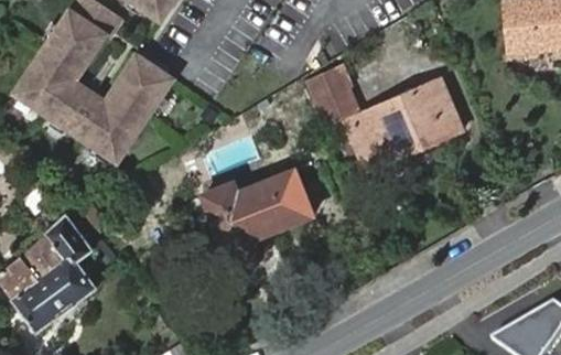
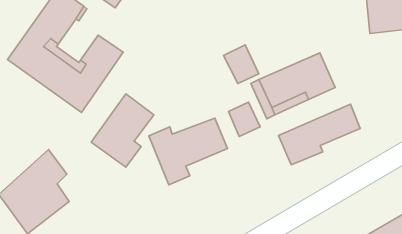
building: none -> [91,94,154,167]
building: none -> [229,102,260,136]
building: none -> [279,104,360,165]

